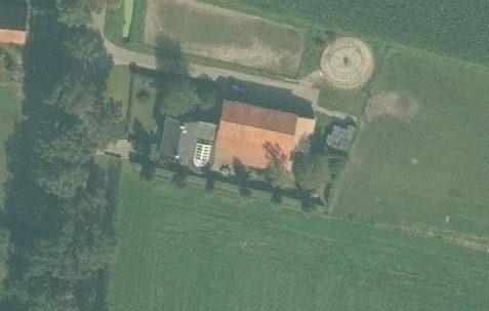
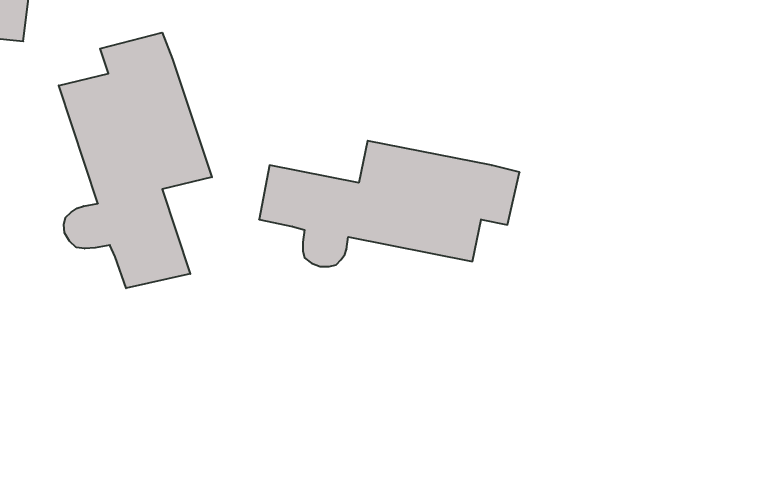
building: none -> [59,33,212,288]

